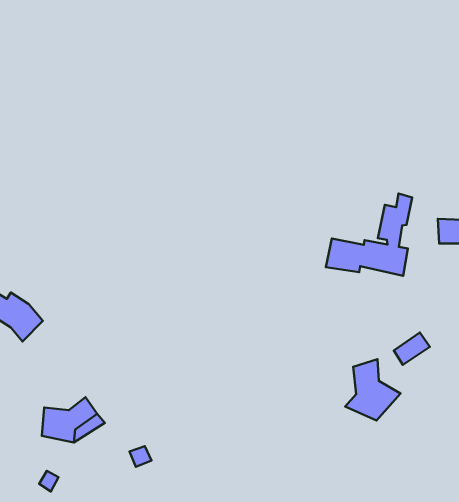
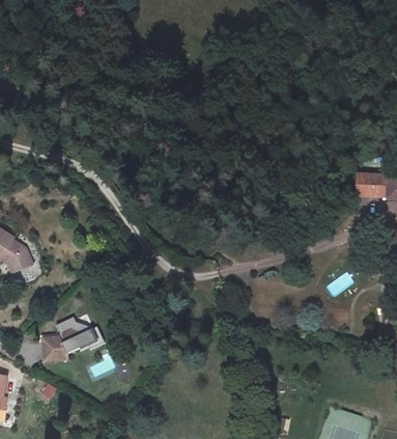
building: [326,193,412,276] -> none
building: [345,359,400,420] -> none

